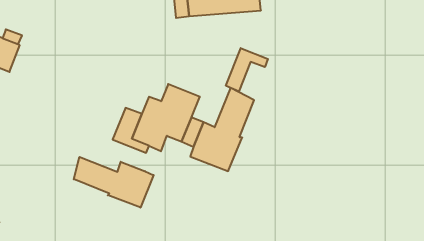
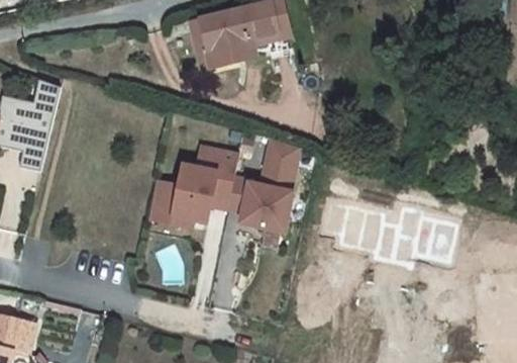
building: [226,48,268,91] -> none
building: [74,157,154,208] -> none

